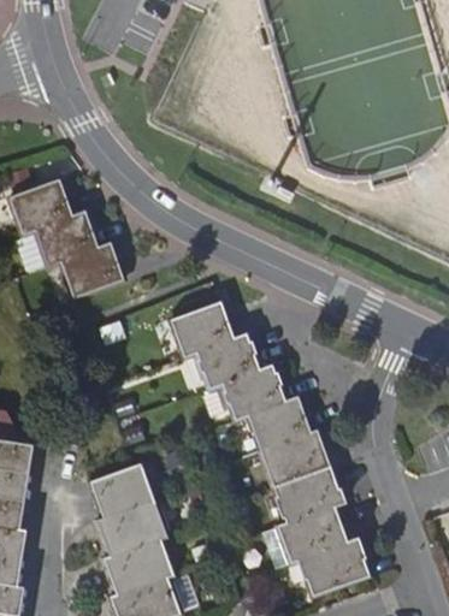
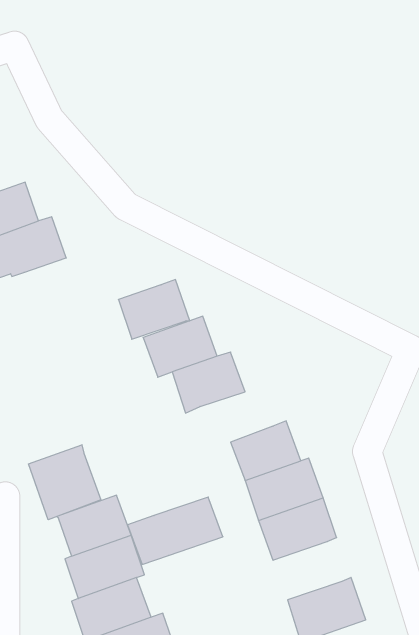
building: [60,243,125,297] -> [118,280,190,339]
building: [220,365,286,420] -> none
building: none -> [28,445,101,520]
building: [262,505,349,567] -> [127,497,223,565]

